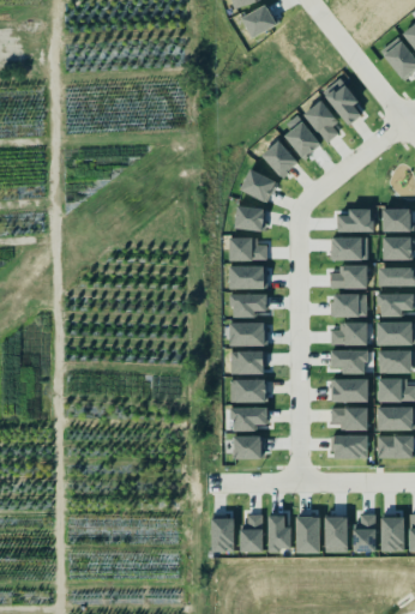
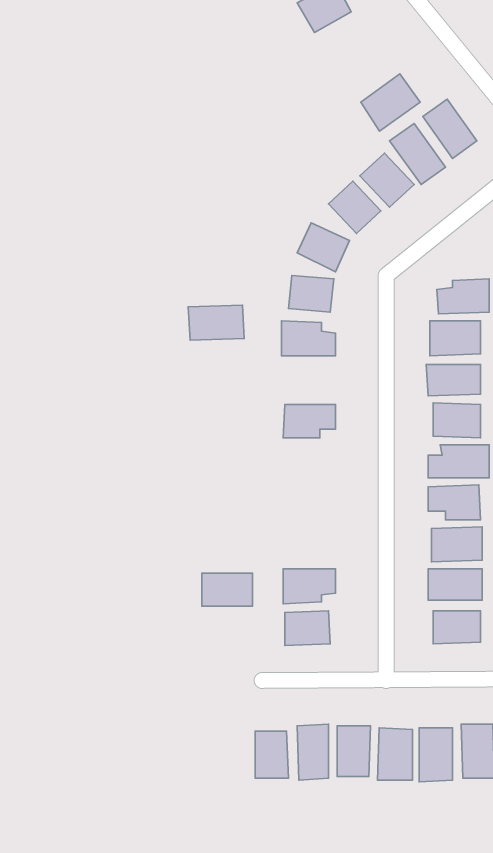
building: none -> [361,74,420,131]
building: [228,265,266,289] -> [188,305,244,340]
building: [228,321,266,345] -> none
building: [230,350,265,374] -> none
building: [231,379,266,402] -> [202,573,253,606]

